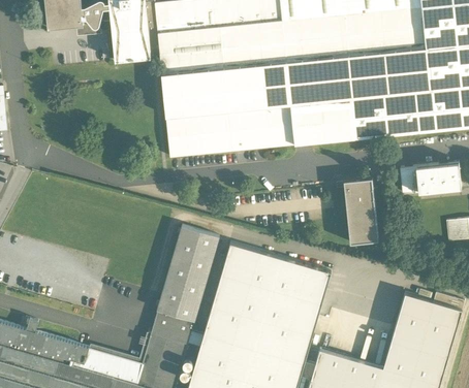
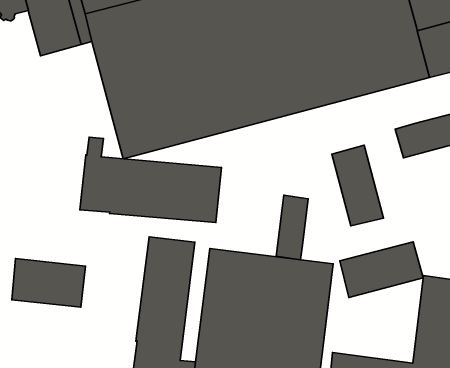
building: none -> [80,137,221,223]
building: none -> [276,195,308,260]
building: none -> [12,259,86,307]
building: none -> [340,242,423,297]

